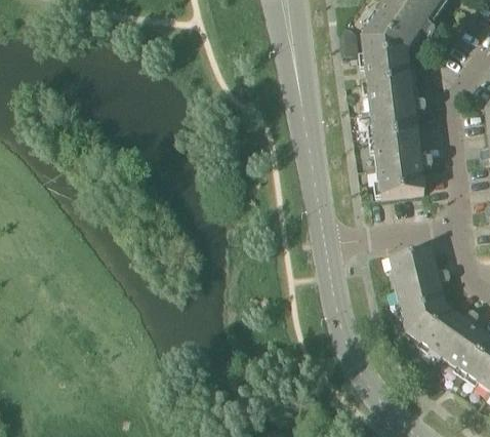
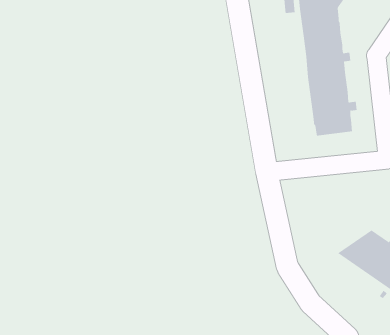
building: [387,247,450,330] -> none

